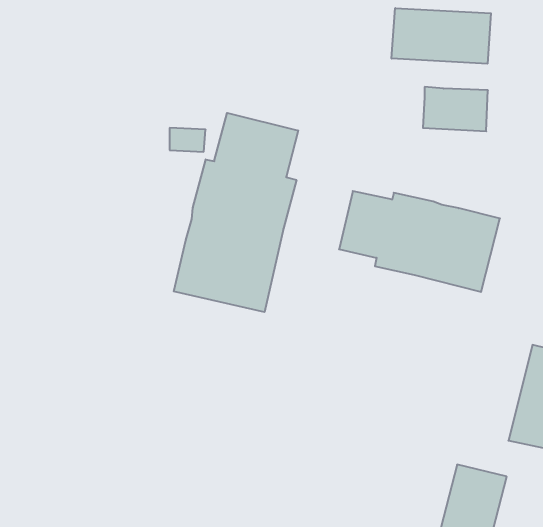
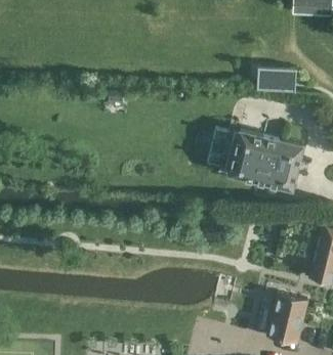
building: [392,8,491,64] -> none
building: [174,113,298,312] -> none

